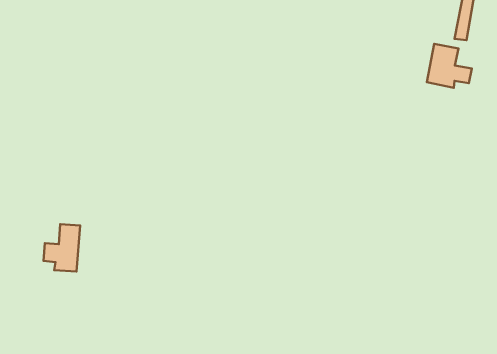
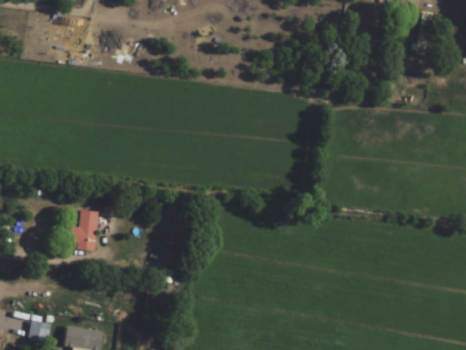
building: [427,44,472,88] -> none

